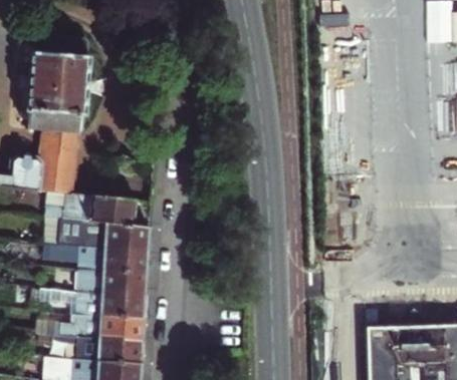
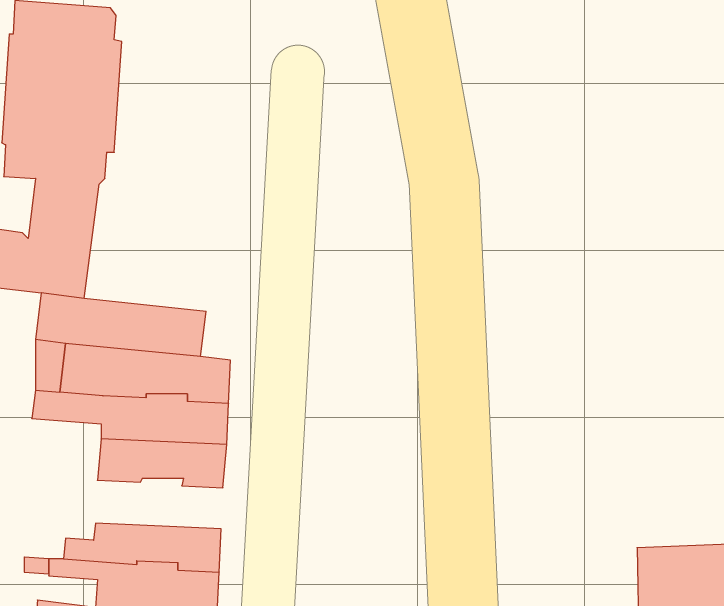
building: [39,289,145,319] -> none

